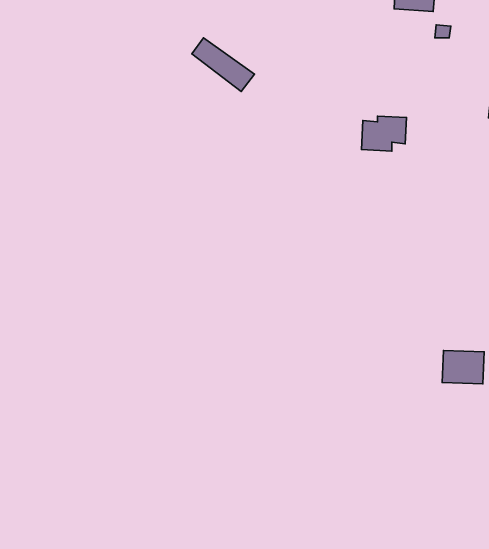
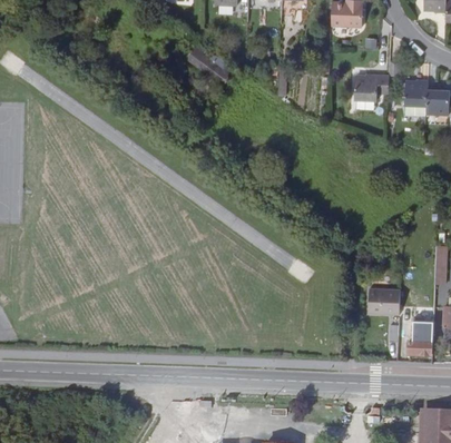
building: [361,116,406,151] -> [356,75,391,101]

